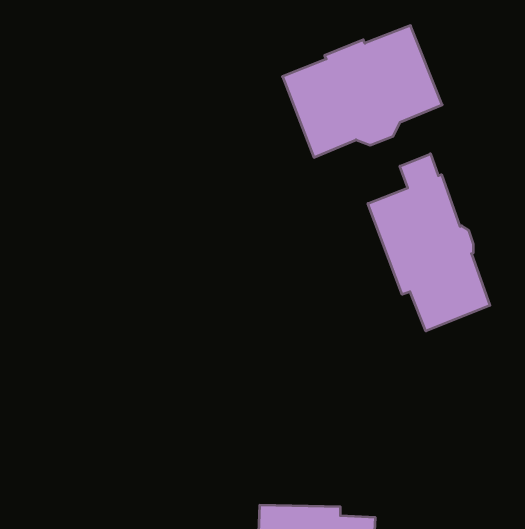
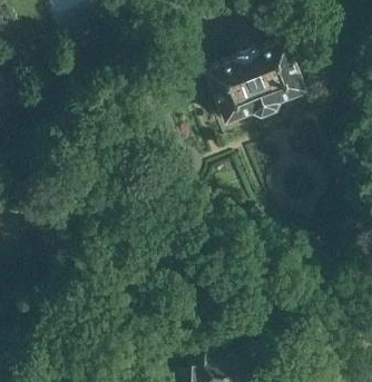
building: [368,154,490,331] -> none

